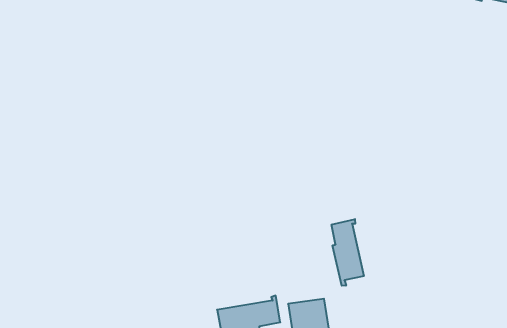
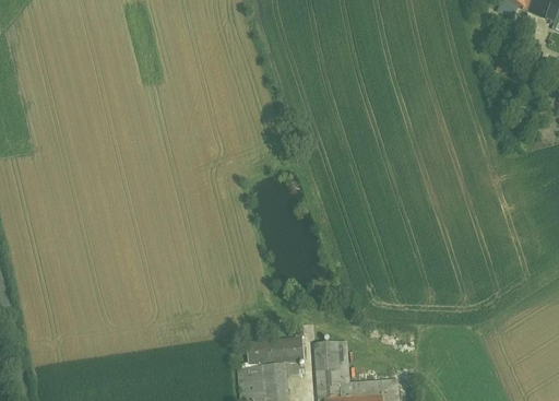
building: [332,219,364,286] -> none

